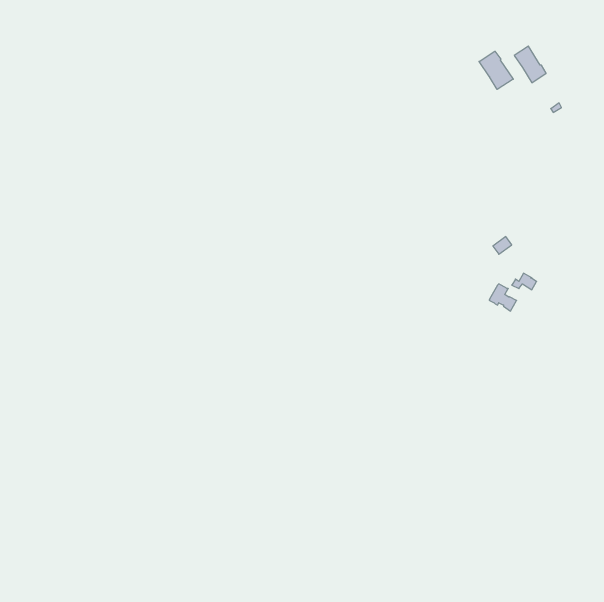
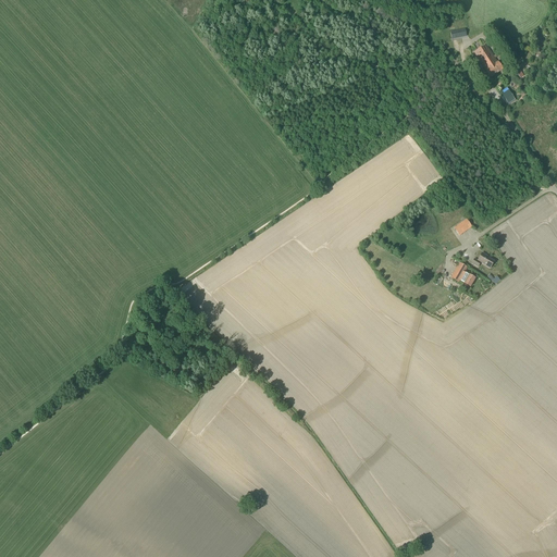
building: [479,51,513,89] -> none

